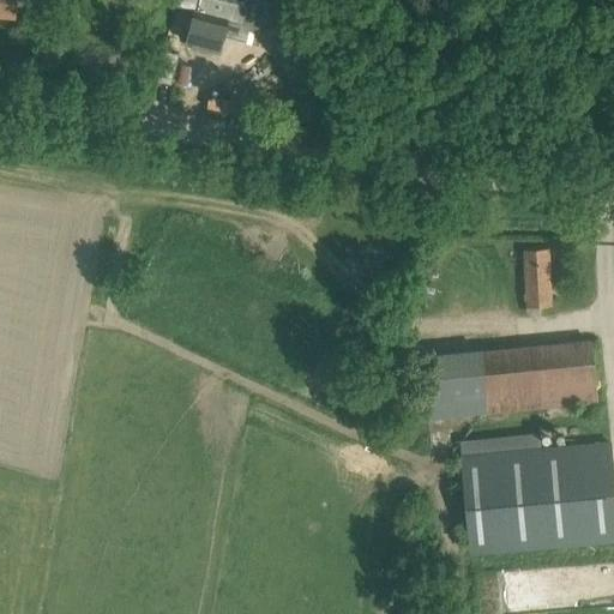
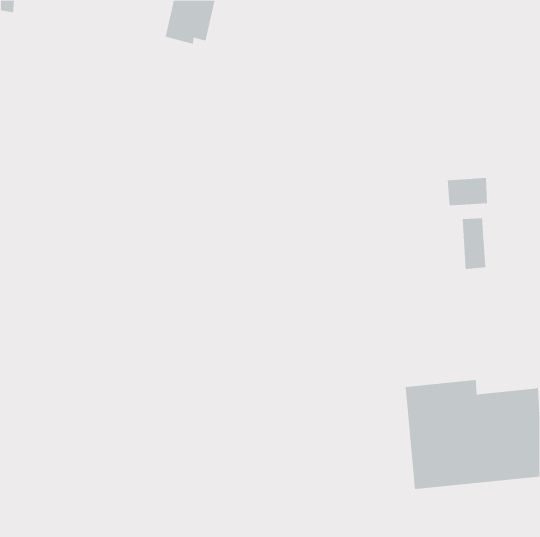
building: none -> [447,177,487,206]
building: [428,342,600,417] -> none

